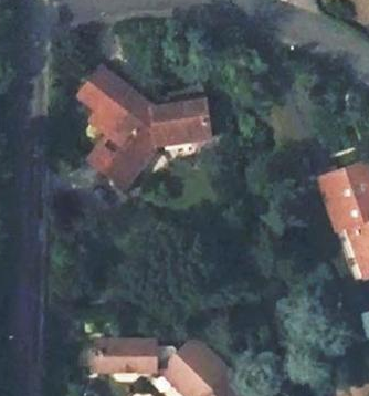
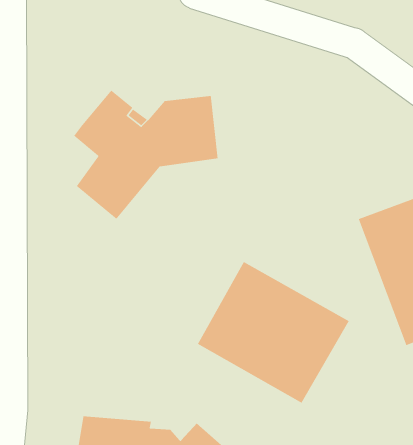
building: [75,60,118,105] -> none
building: none -> [197,261,350,404]

